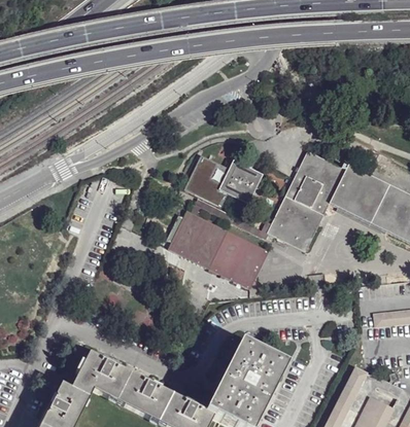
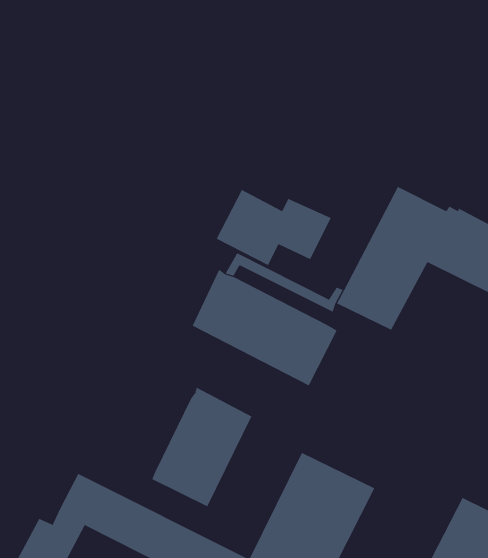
building: none -> [151,387,252,507]

